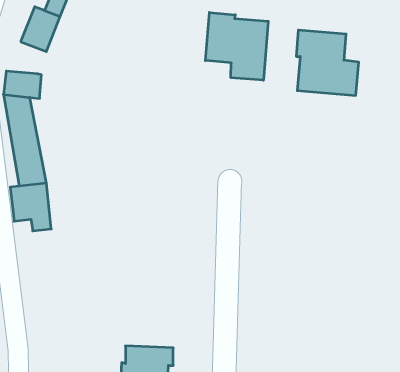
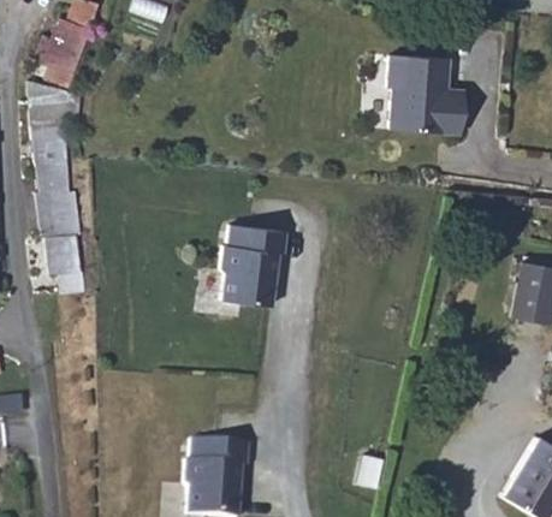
building: [205,12,268,80] -> none
building: none -> [31,61,81,101]
building: none -> [208,220,277,301]

